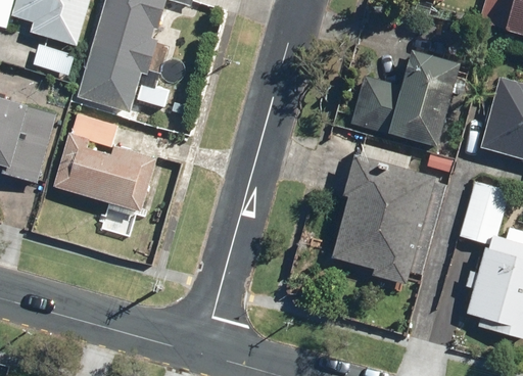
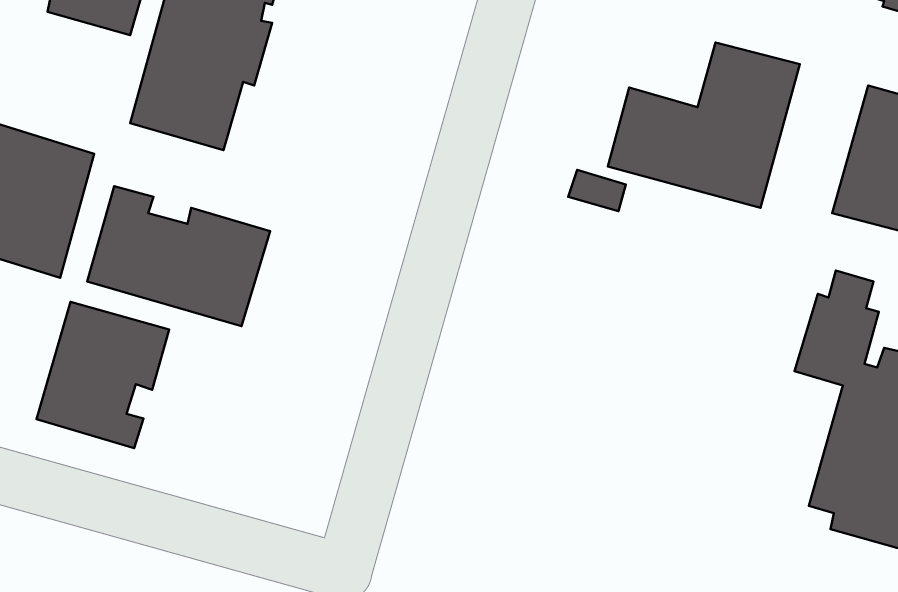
building: [333,154,436,285] -> none
building: none -> [36,302,169,448]

